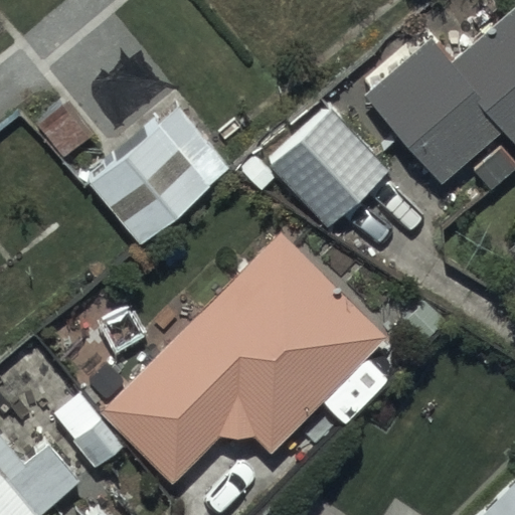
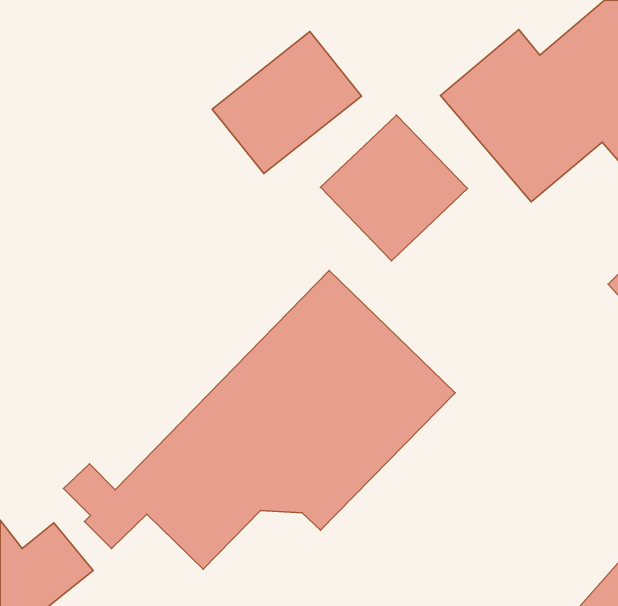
building: none -> [212,32,362,174]
building: [79,110,227,258] -> none

